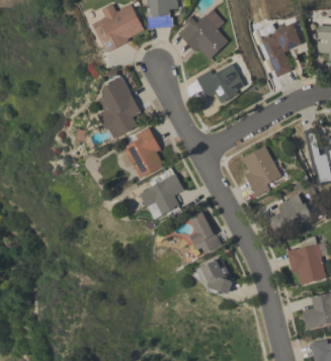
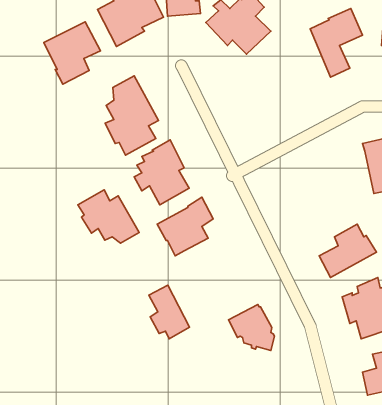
building: none -> [44,22,100,84]
building: [195,63,244,103] -> none
building: [241,145,281,195] -> none
building: none -> [78,190,139,243]
building: [188,210,221,253] -> [149,285,190,339]

